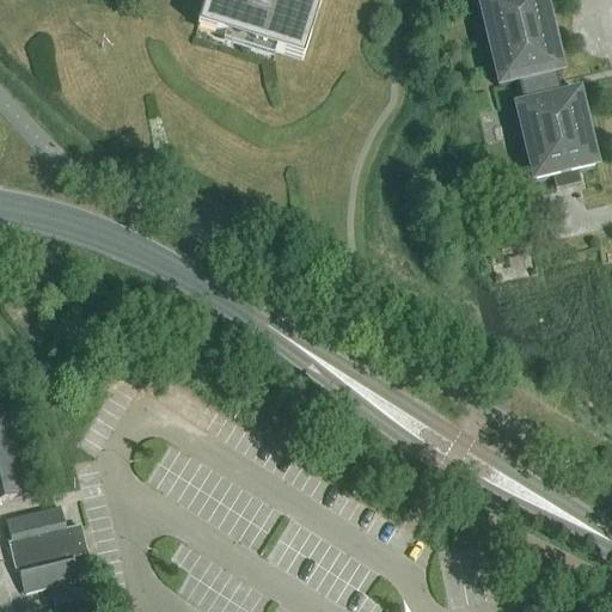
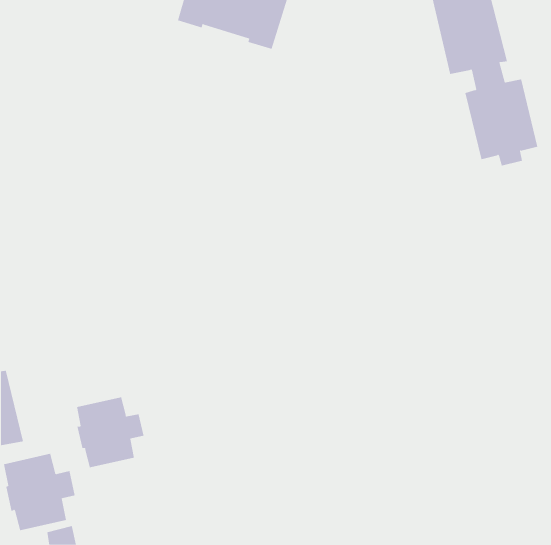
building: none -> [76,396,144,468]

